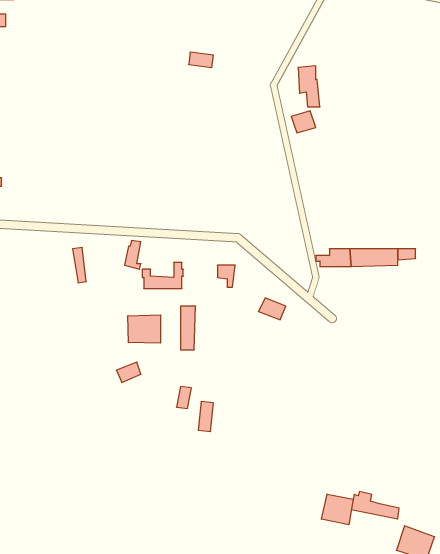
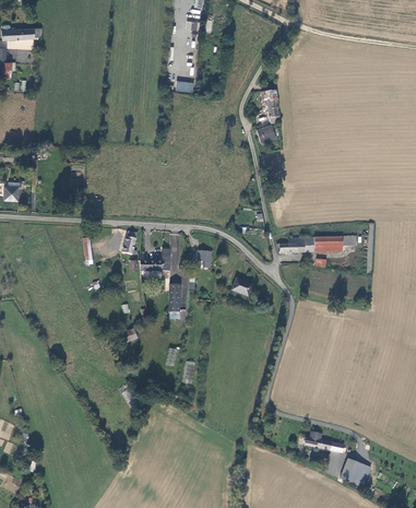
building: [128,315,161,343] -> none
building: [321,494,353,525] -> none

